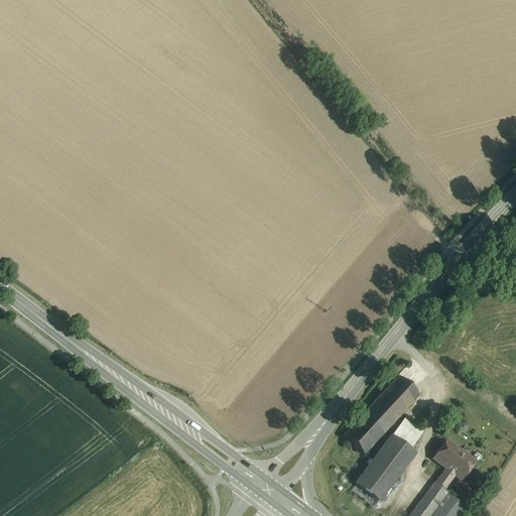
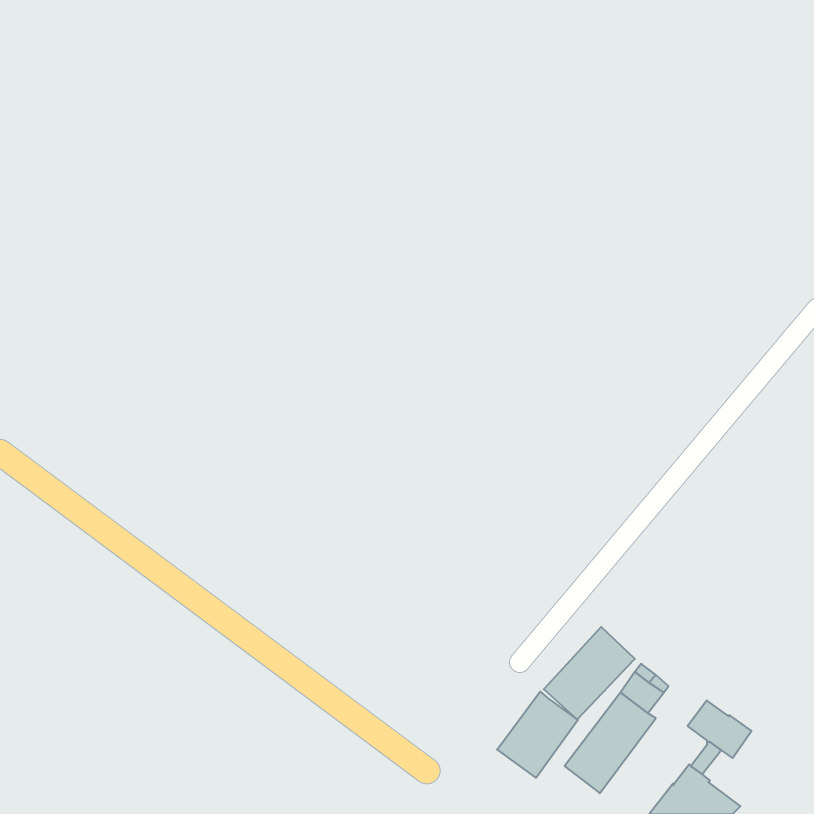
building: [381,375,420,415] -> none
building: none -> [497,692,578,778]

